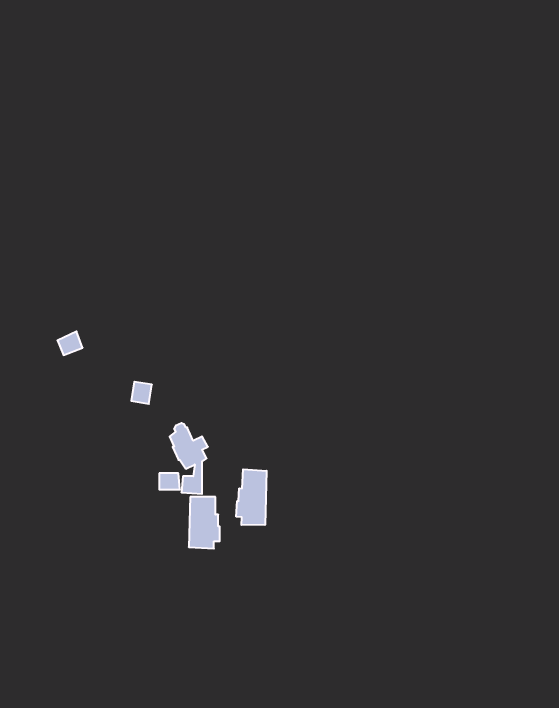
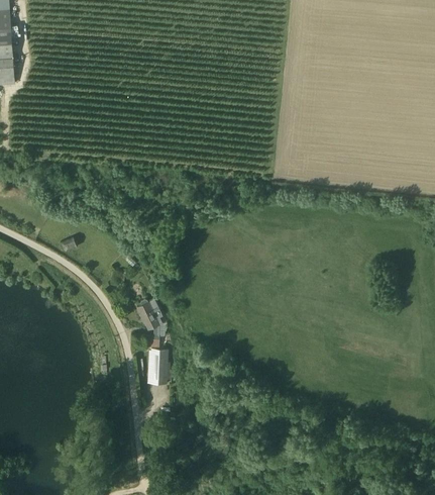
building: [236,469,267,525] -> none

